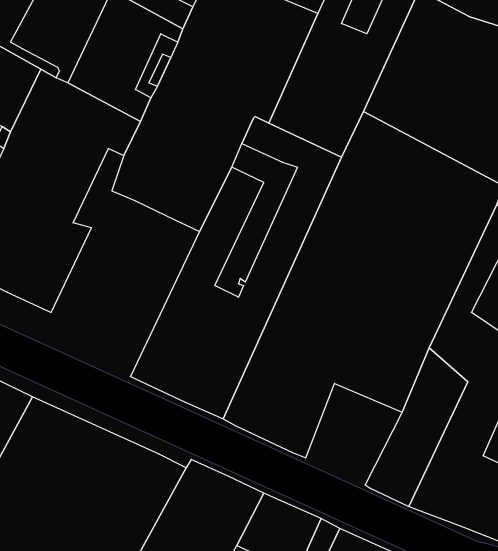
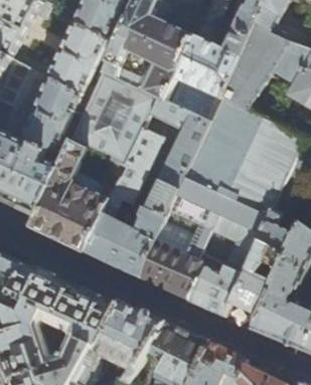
building: none -> [27,140,123,251]
building: none -> [186,255,244,316]

